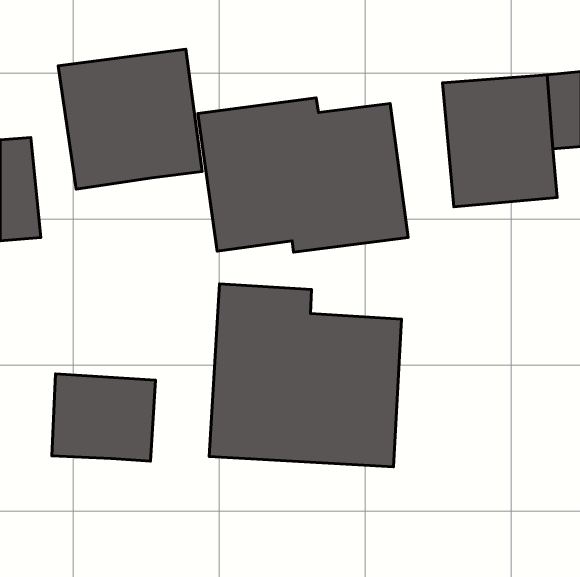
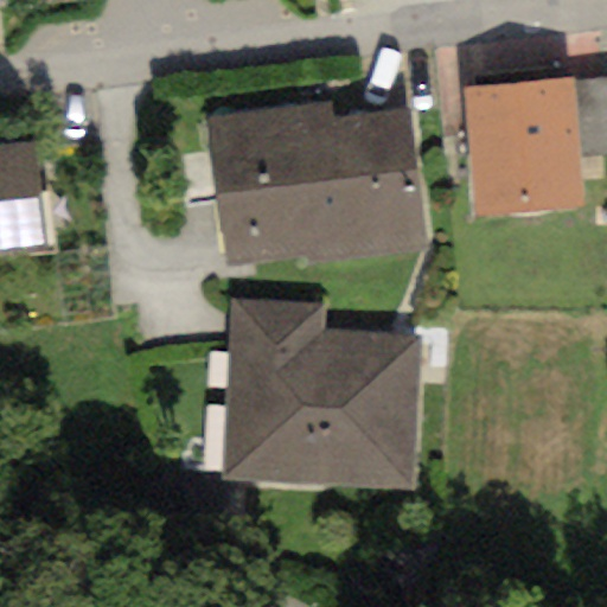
building: [58,49,202,189] -> none
building: [52,374,155,461] -> none

